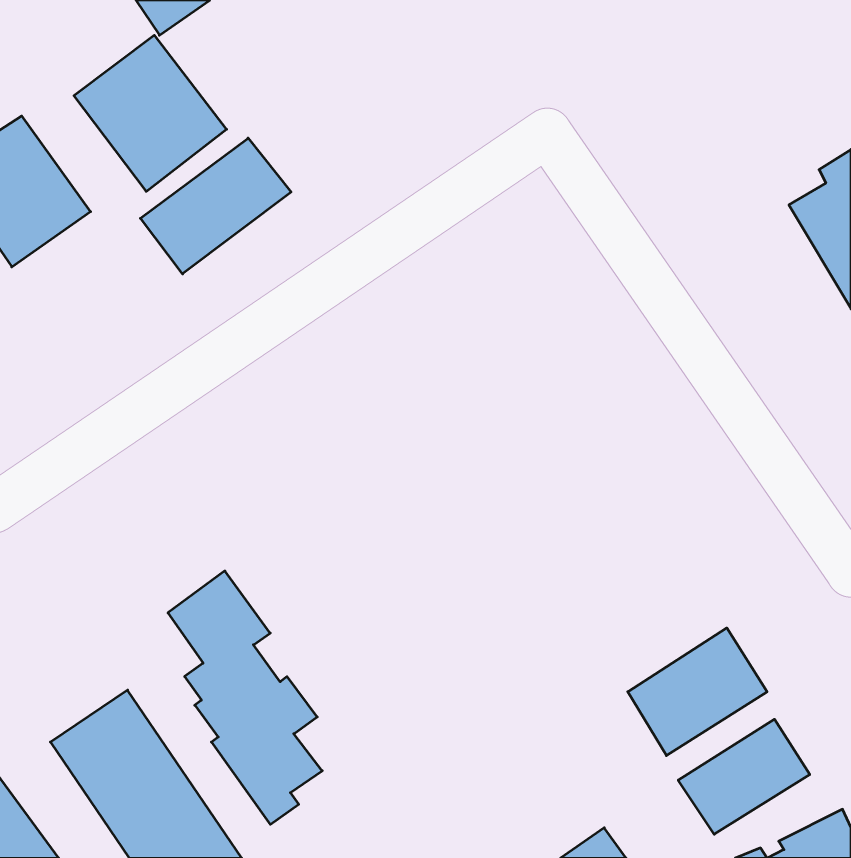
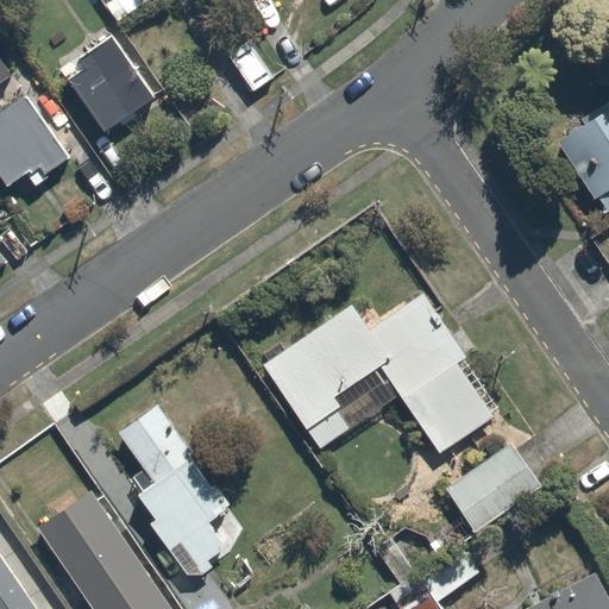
building: [140,138,291,274] -> none
building: none -> [259,291,506,457]
building: [678,719,810,834] -> none

